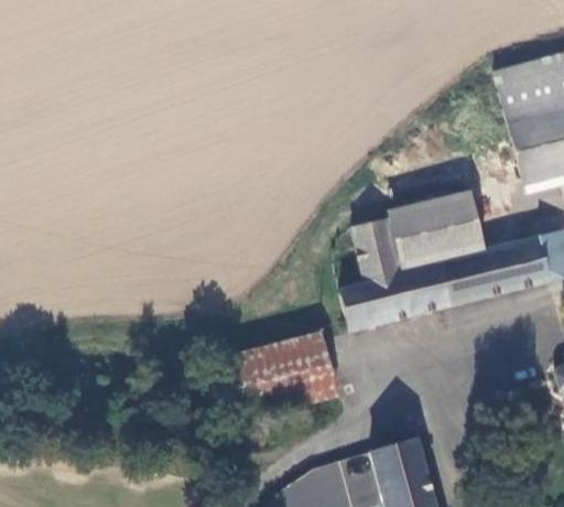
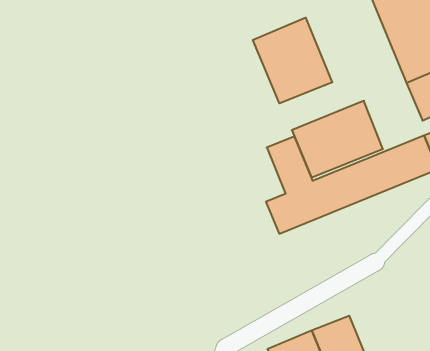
building: none -> [253,18,332,103]
building: [217,333,338,423] -> none

